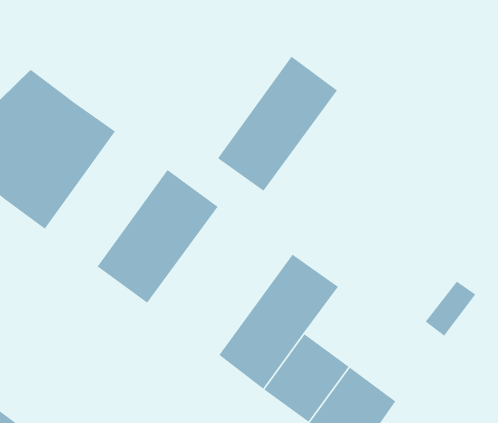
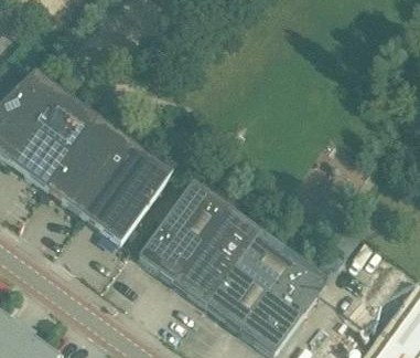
building: [217,56,338,191] -> [138,179,226,278]
building: none -> [45,115,134,214]
building: none -> [235,229,327,313]

